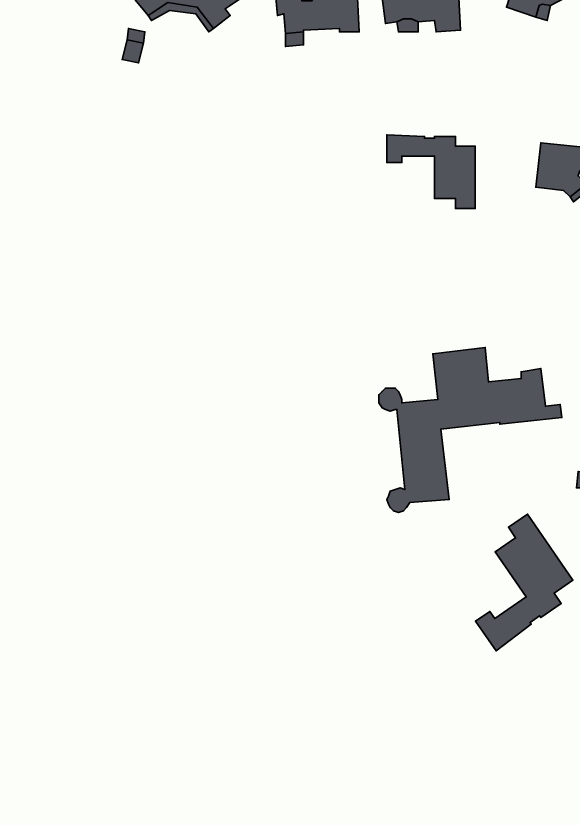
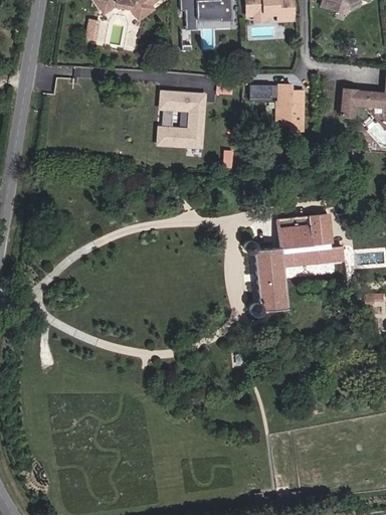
building: none -> [156,88,208,148]
building: none -> [309,213,331,236]
building: [476,514,573,651] -> none

